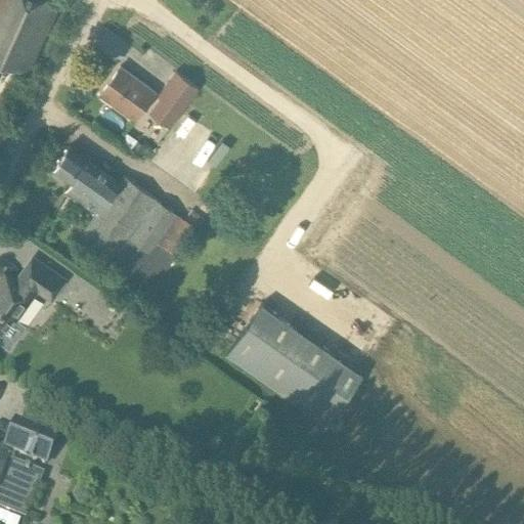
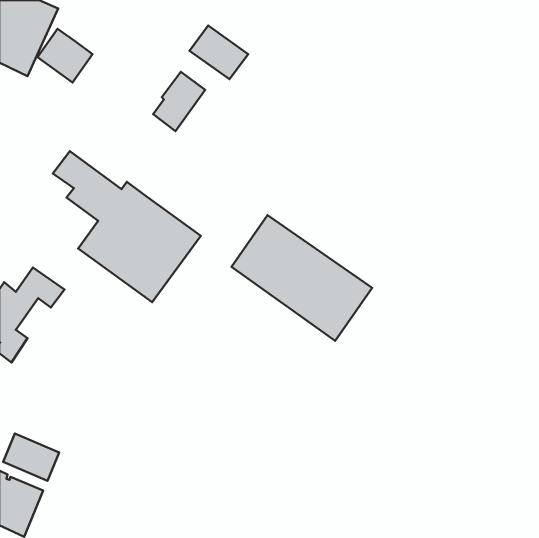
building: none -> [190,25,248,79]
building: [99,69,152,121] -> [38,29,93,83]
building: [225,305,361,427] -> [232,215,372,341]

